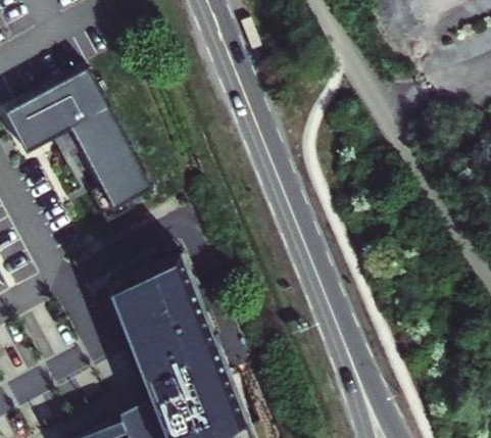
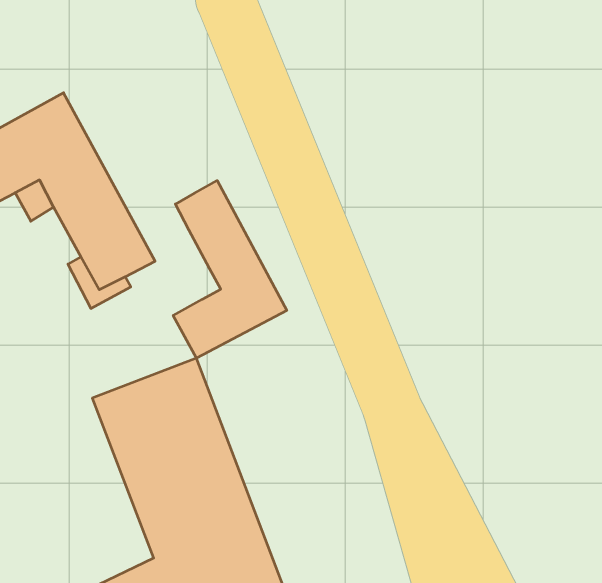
building: none -> [173,181,287,358]

